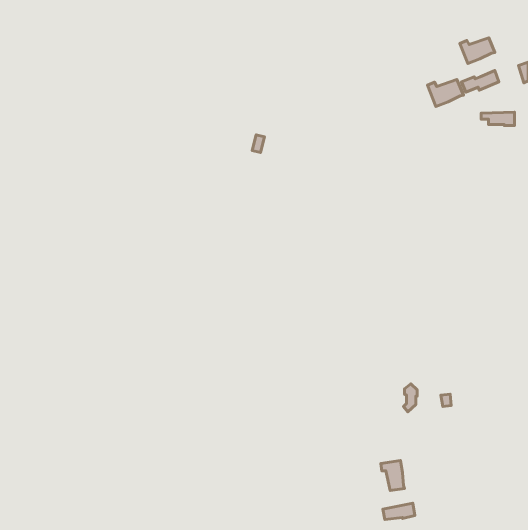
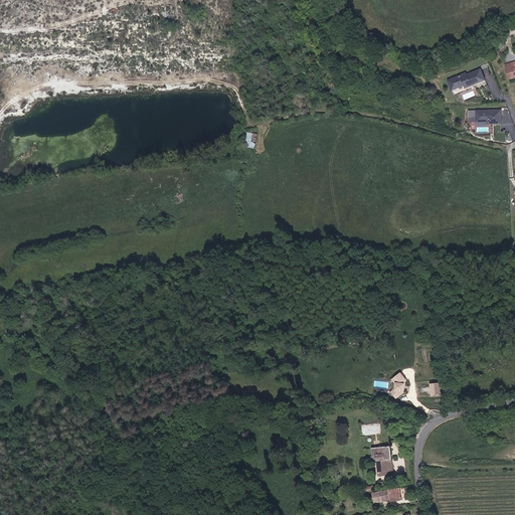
building: [460,38,495,64] -> none
building: [427,80,463,107] -> none

